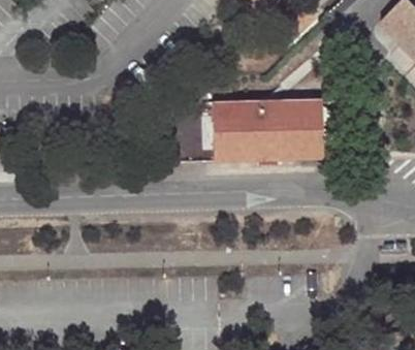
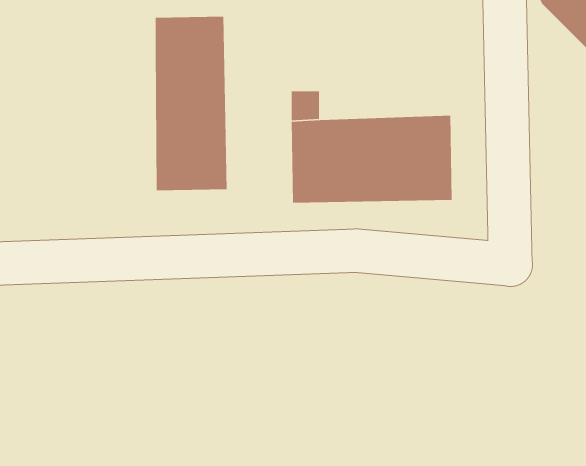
building: none -> [155,16,228,191]

